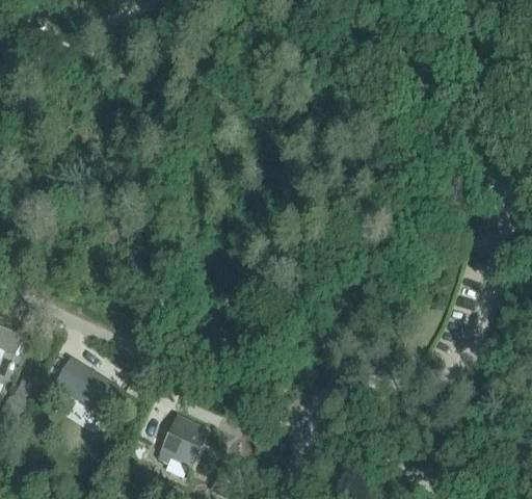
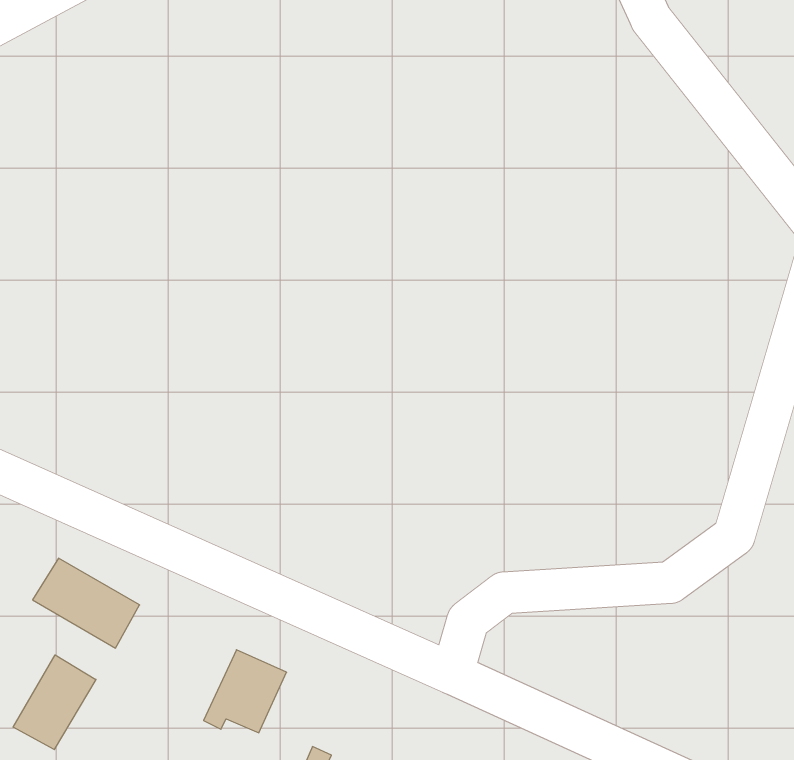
building: none -> [13,655,96,750]

